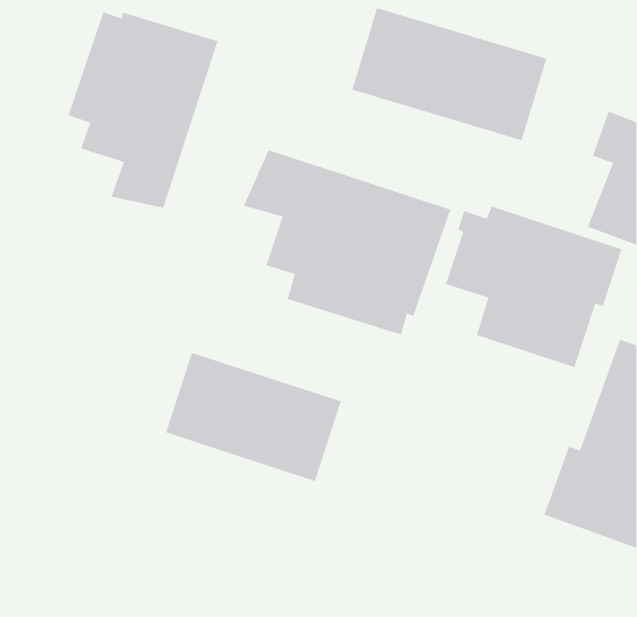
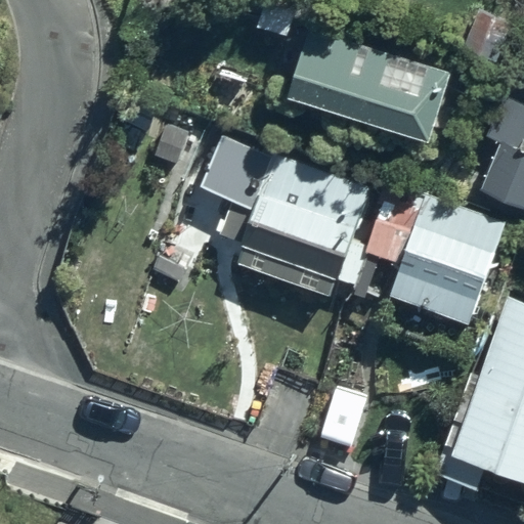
building: [68,11,218,208] -> none
building: [165,352,341,482] -> none

